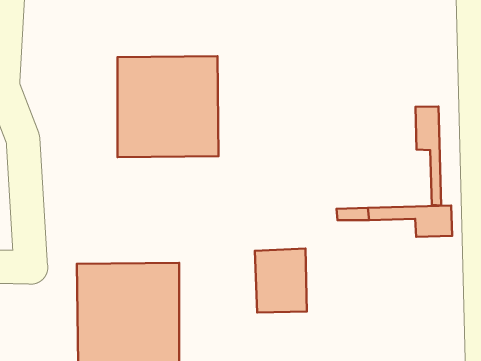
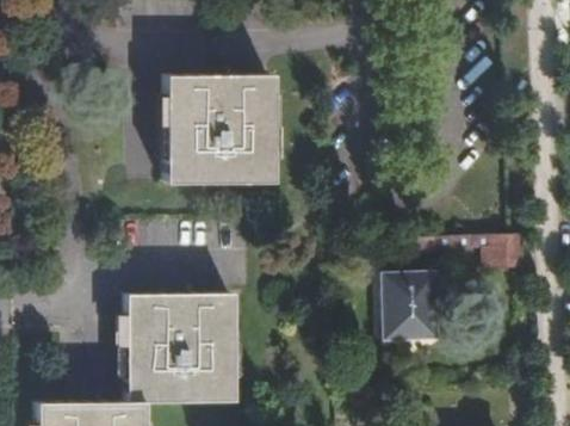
building: [416,107,441,206] -> none
building: [255,249,307,313] -> [382,272,436,340]

